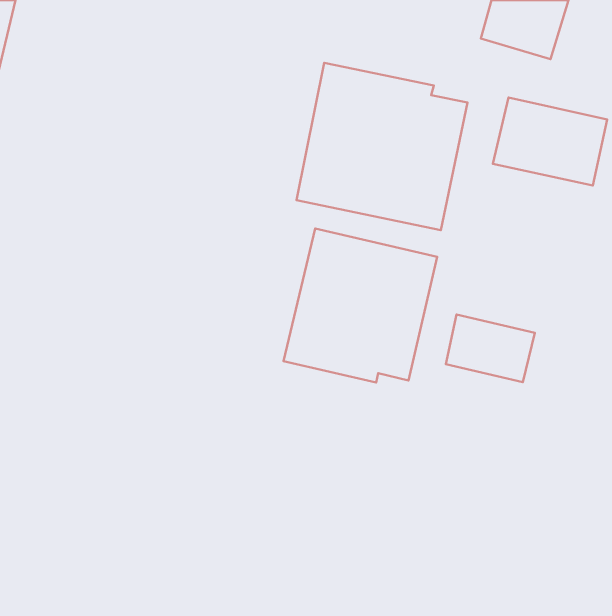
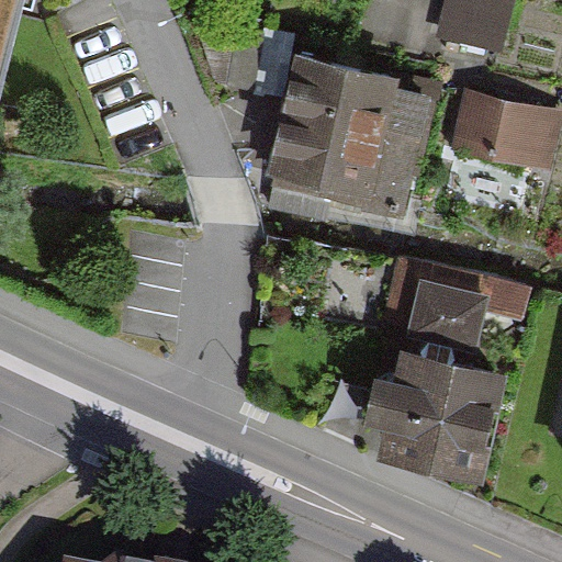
building: [284,229,437,383] -> none
building: none -> [362,352,499,477]

